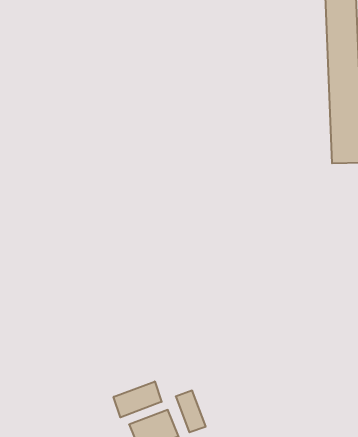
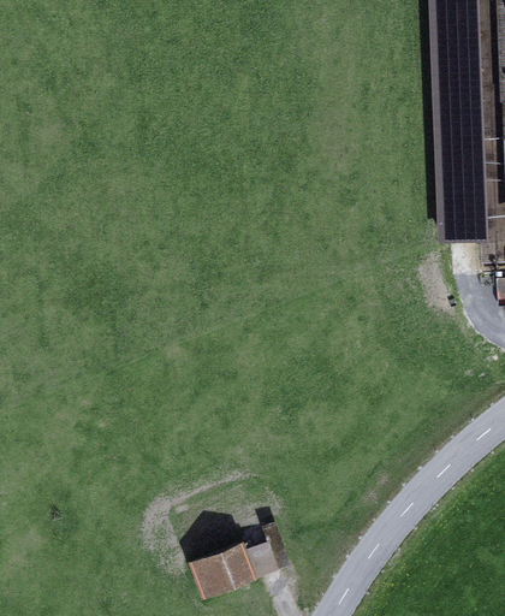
building: [114,381,162,417] -> none

